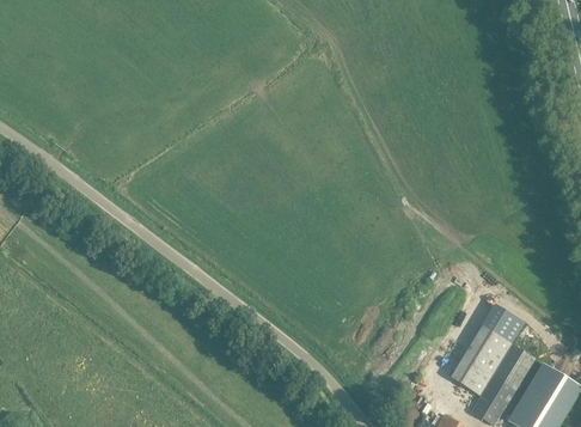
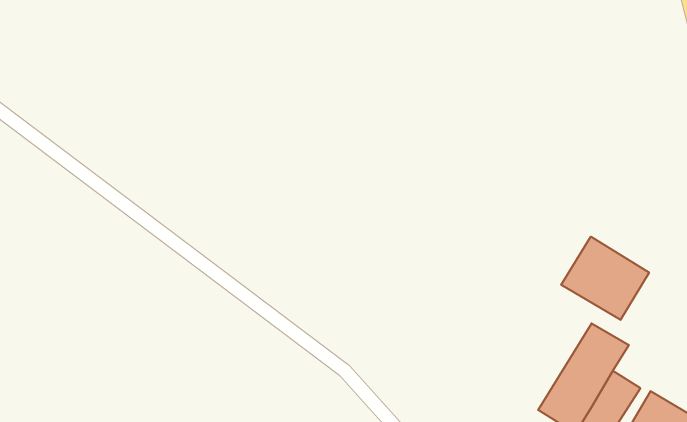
building: none -> [561,237,649,320]

